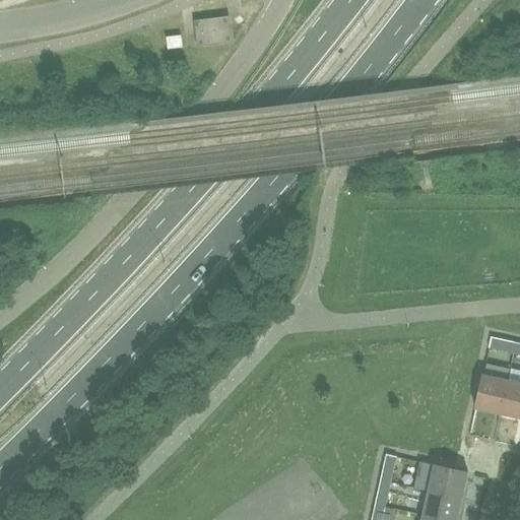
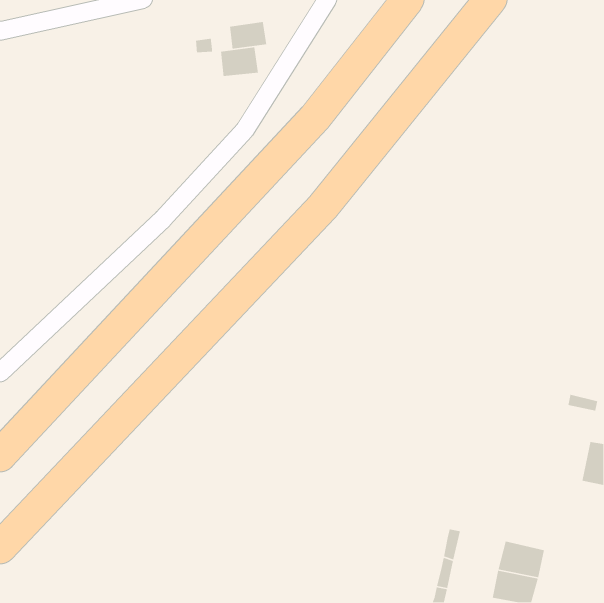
building: none -> [220,47,259,77]
building: [475,374,507,413] -> none

